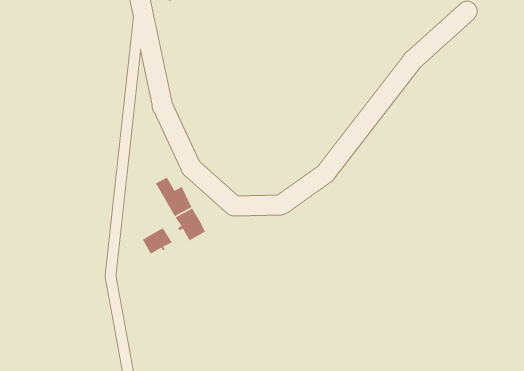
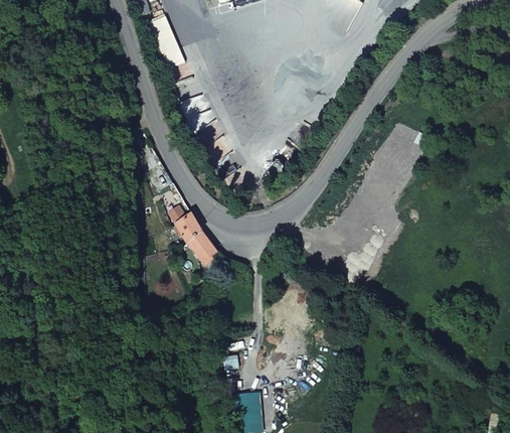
building: [142,227,173,255] -> none

